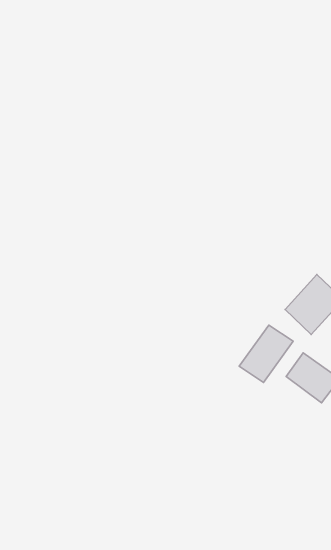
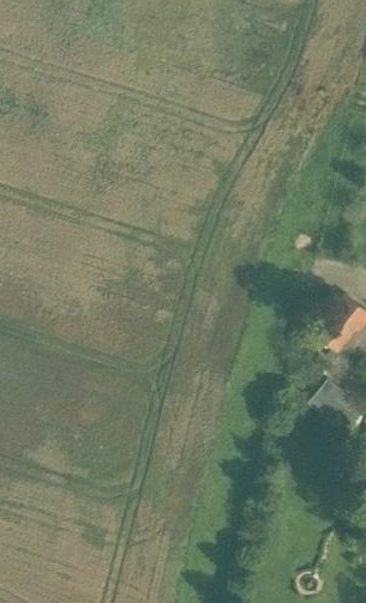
building: [239,325,293,382] -> none

